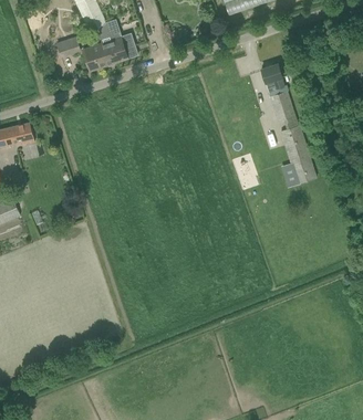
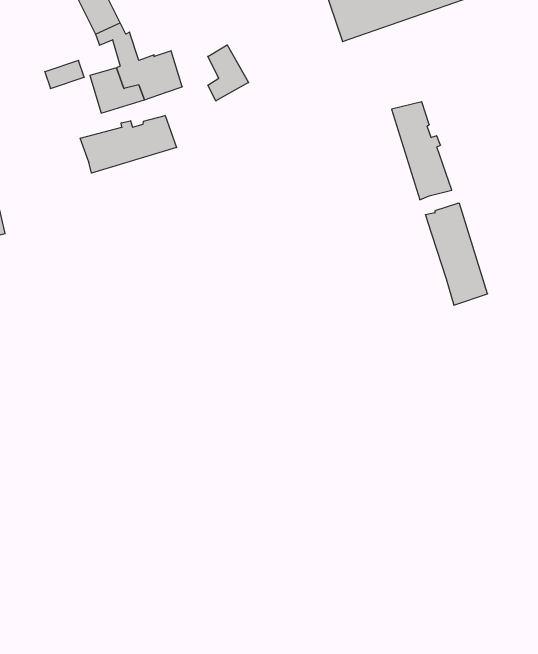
building: none -> [208,45,249,101]
building: none -> [80,115,177,173]

